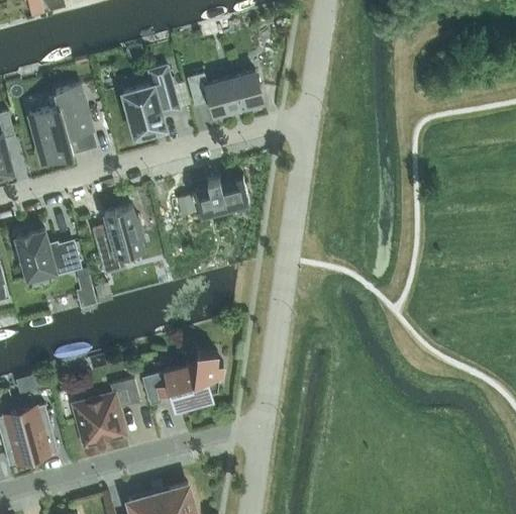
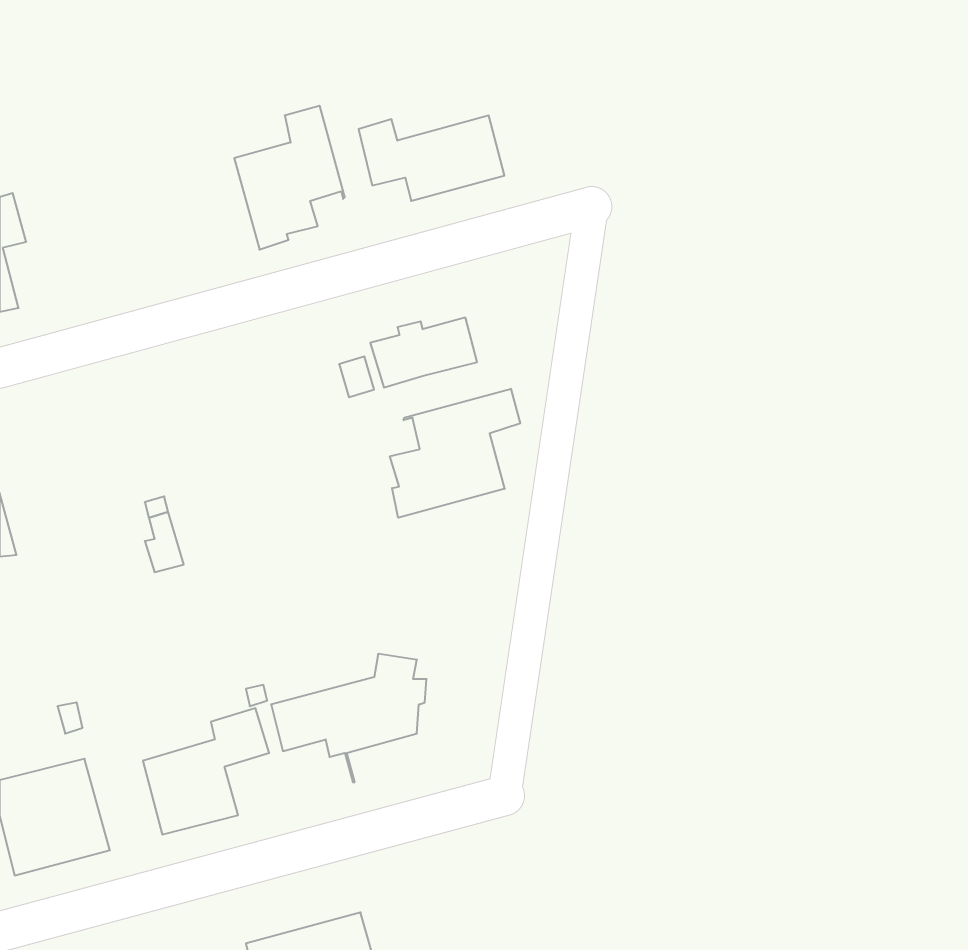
building: [28,85,92,162] -> none
building: [92,206,143,274] -> none
building: none -> [390,389,520,518]
building: [16,230,80,279] -> none

